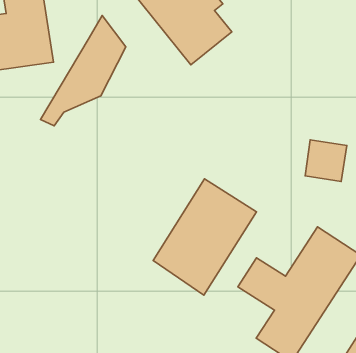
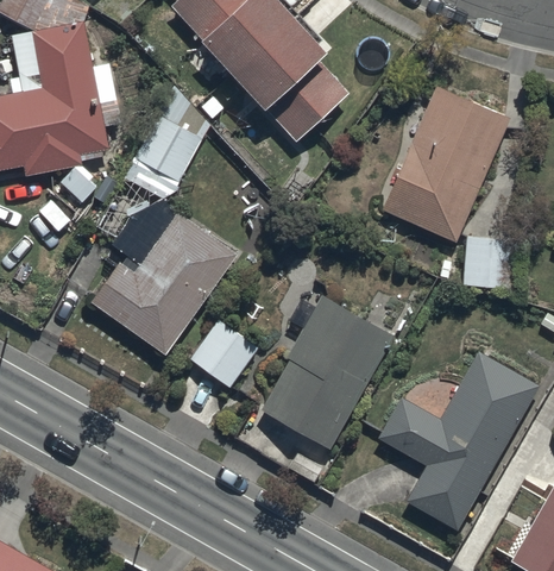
building: none -> [382,86,510,240]
building: none -> [88,212,239,357]
building: none -> [189,319,260,390]

